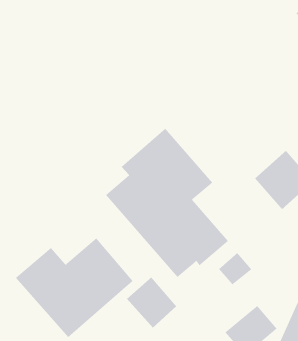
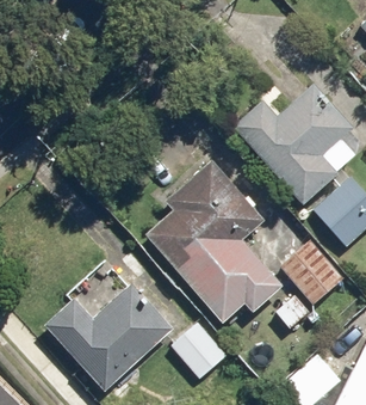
building: none -> [231,84,355,208]
building: none -> [279,243,343,309]

